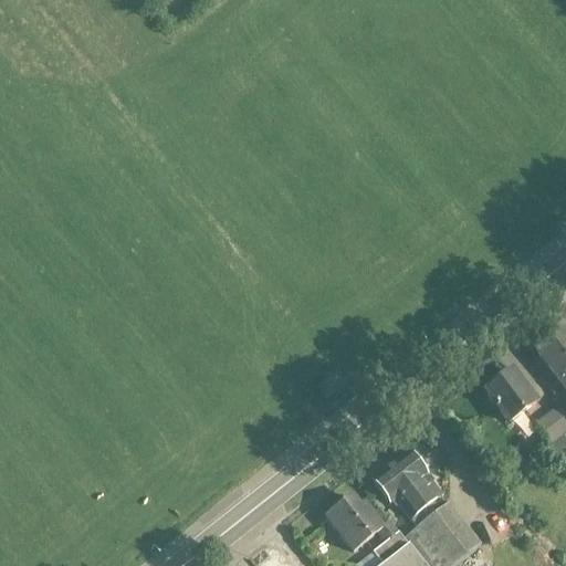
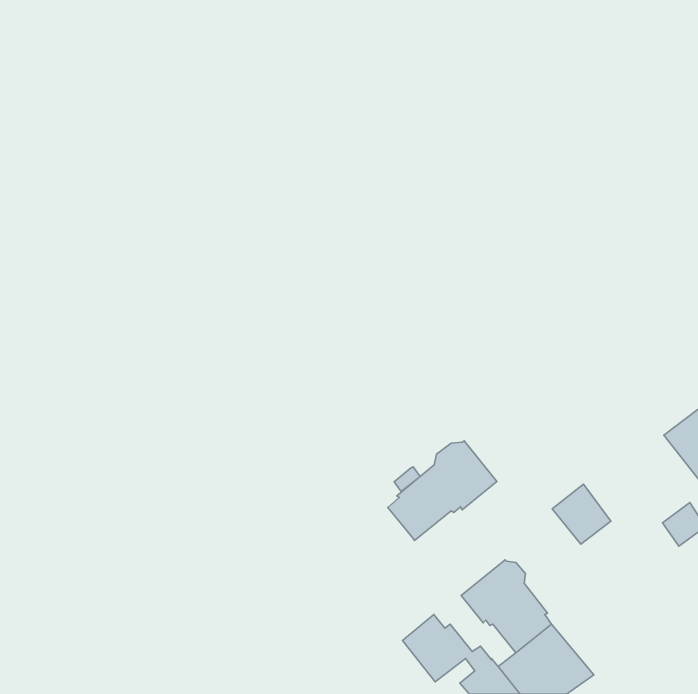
building: none -> [388,441,497,540]
building: [486,371,534,420] -> [552,484,611,544]

